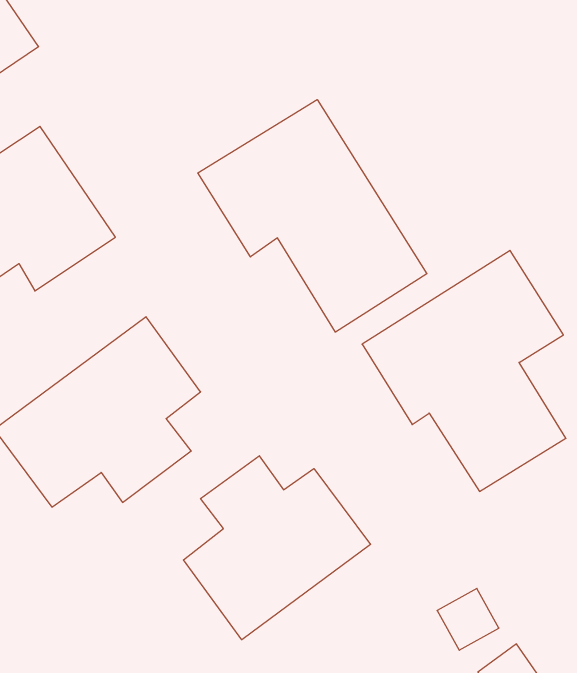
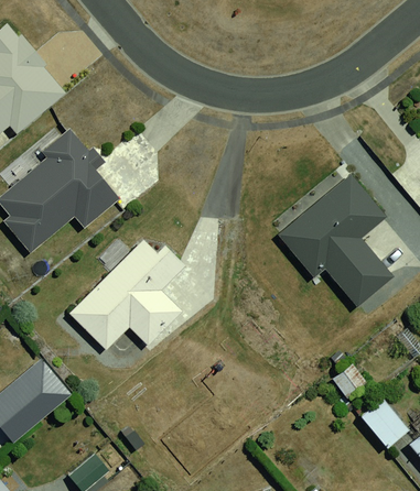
building: [198,100,427,332] -> none
building: [183,456,371,640] -> none

